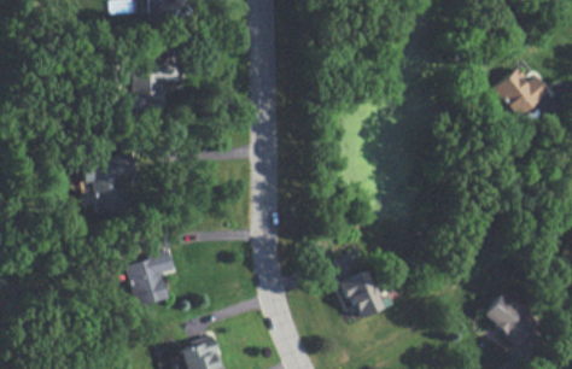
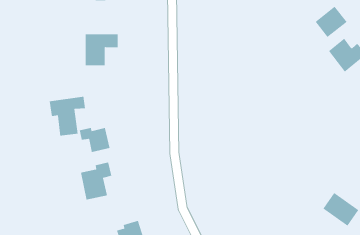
building: none -> [315,6,347,38]
building: none -> [79,127,110,153]
building: [340,270,385,321] -> none

